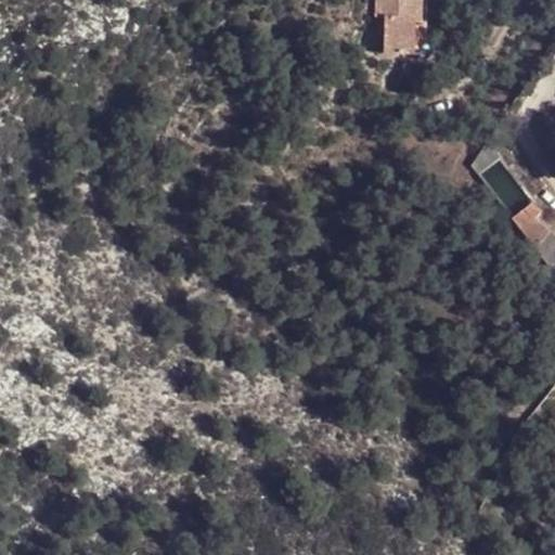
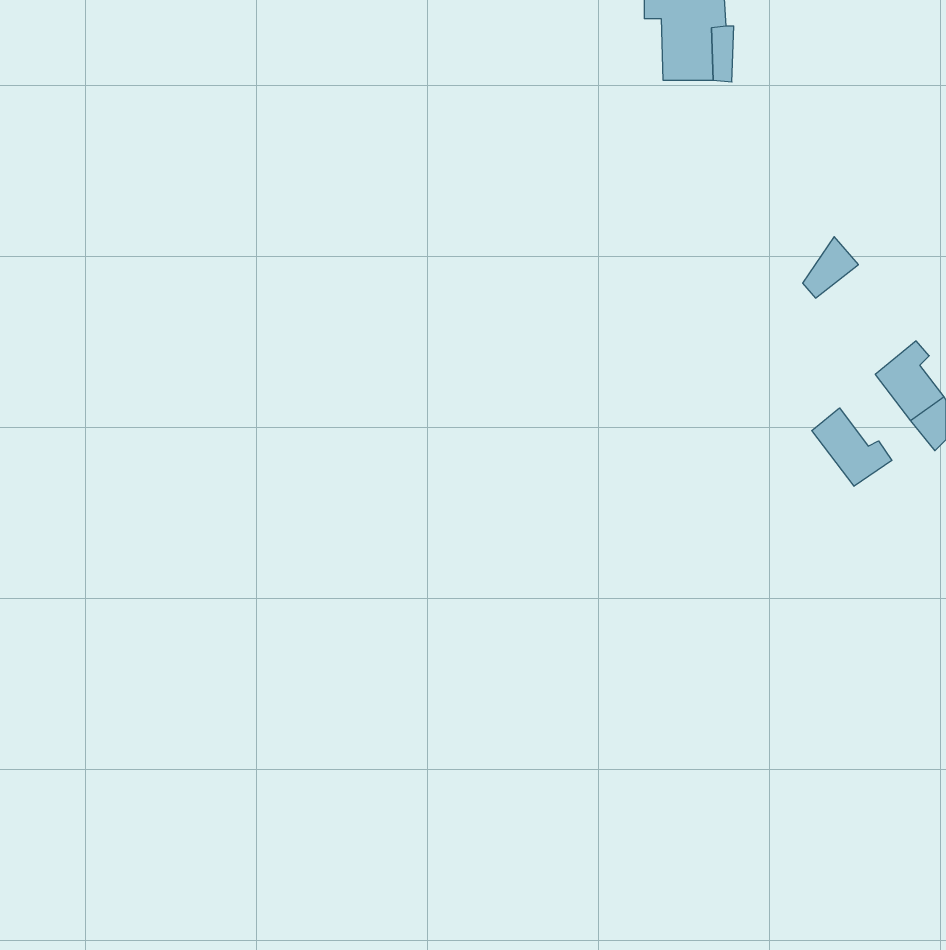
building: none -> [812,408,892,486]

